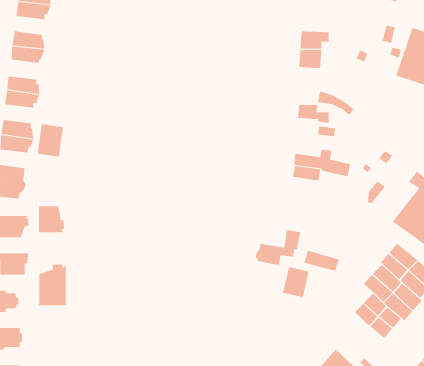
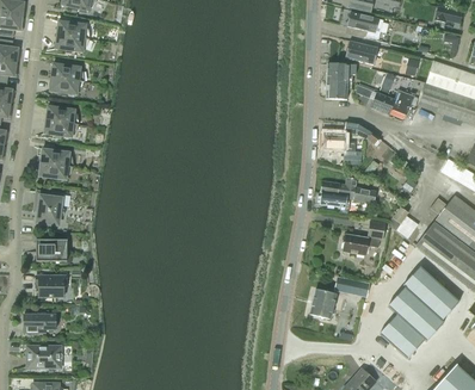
building: none -> [346,39,378,64]
building: none -> [371,89,414,114]
building: [37,123,64,158] -> none
building: [39,206,64,233] -> none
building: [255,230,301,266] -> [341,221,385,255]
building: [39,264,66,306] -> none

